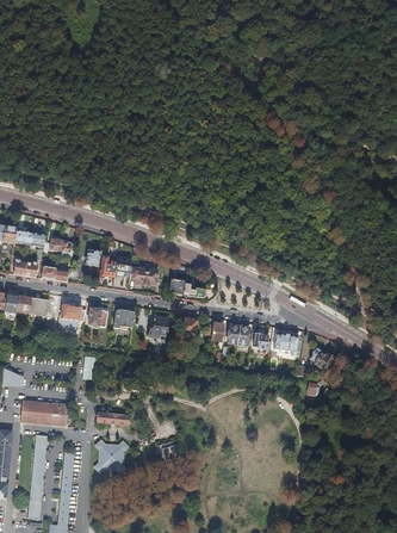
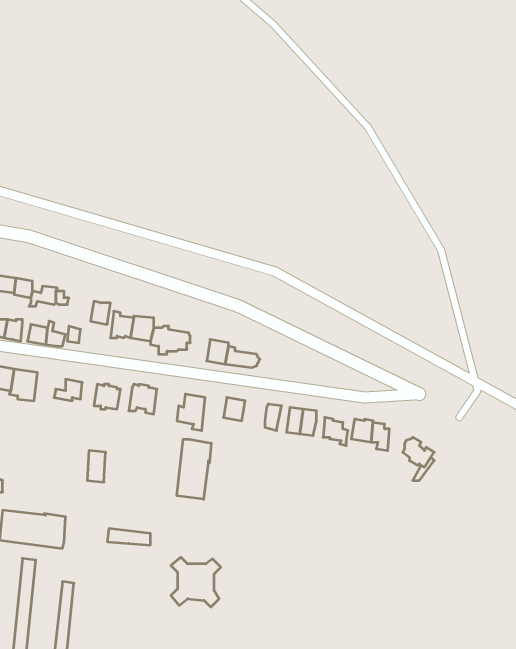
building: none -> [177,439,211,499]
building: [93,438,129,473] -> [171,557,221,607]

